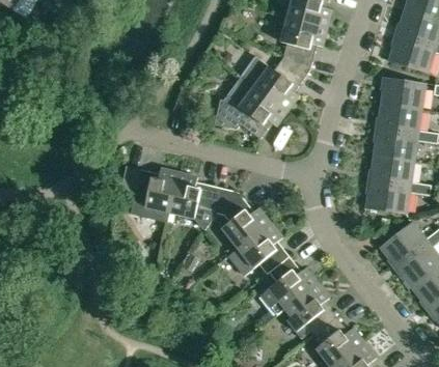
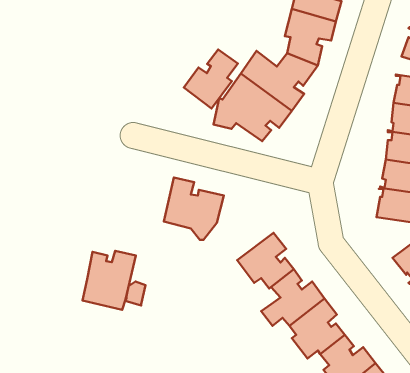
building: none -> [184,49,238,109]
building: [129,168,177,222] -> [82,251,136,310]
building: [217,189,269,248] -> none

